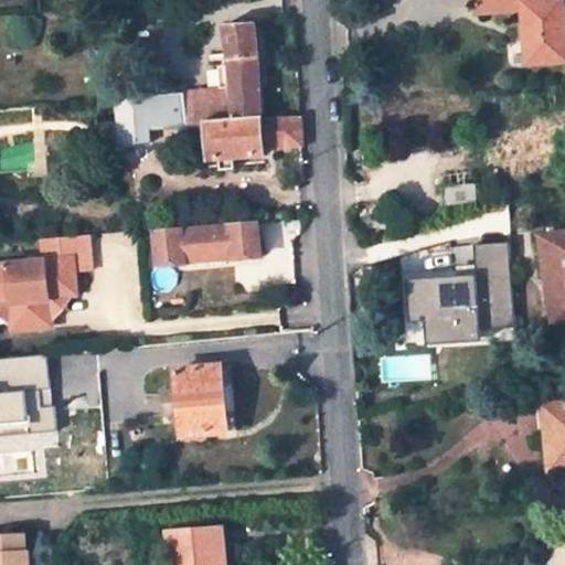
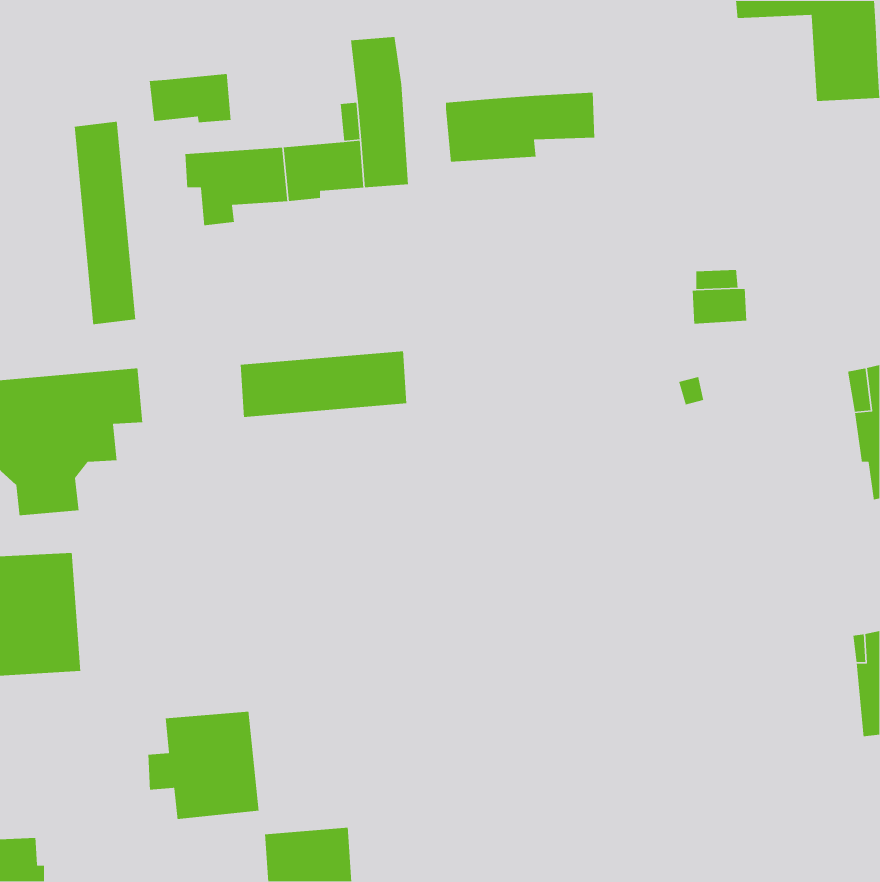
building: none -> [149,73,232,123]
building: none -> [74,121,136,325]
building: [205,116,301,161] -> [445,92,595,162]
building: [403,239,512,342] -> none
building: [164,366,236,436] -> [147,711,260,820]

